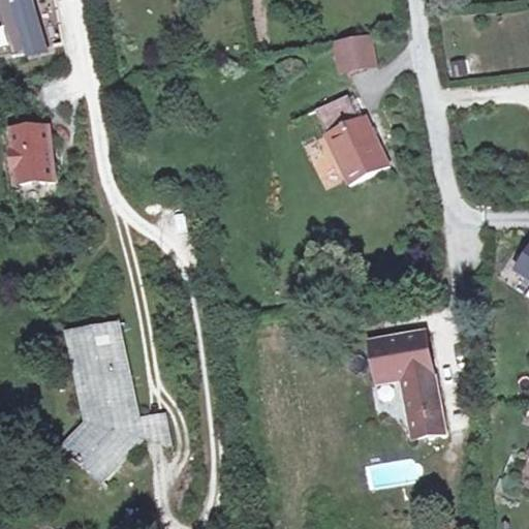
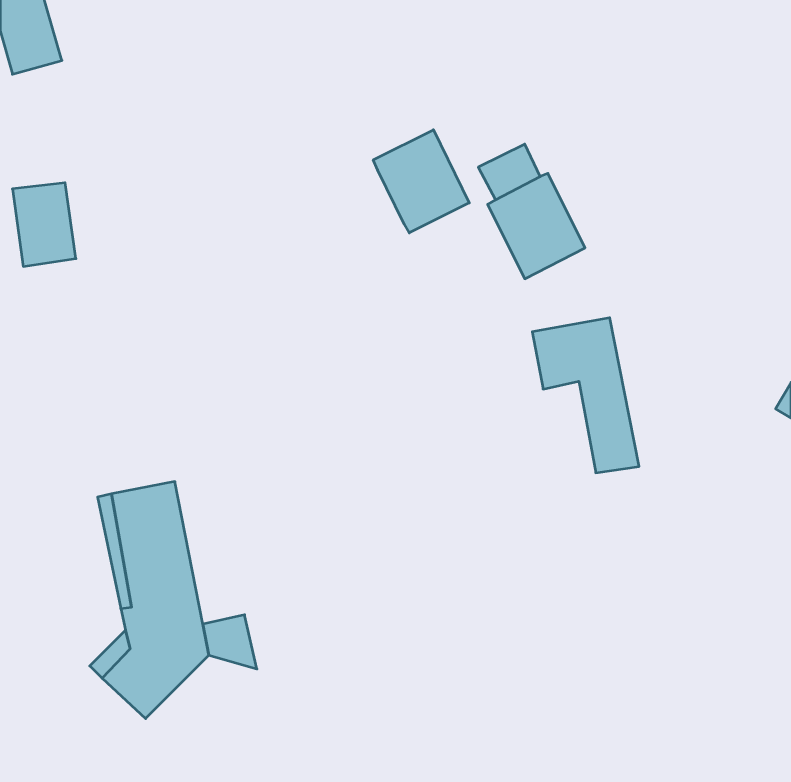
building: [335,31,377,75] -> none
building: none -> [373,130,469,233]
building: [372,331,443,434] -> [532,318,639,473]

